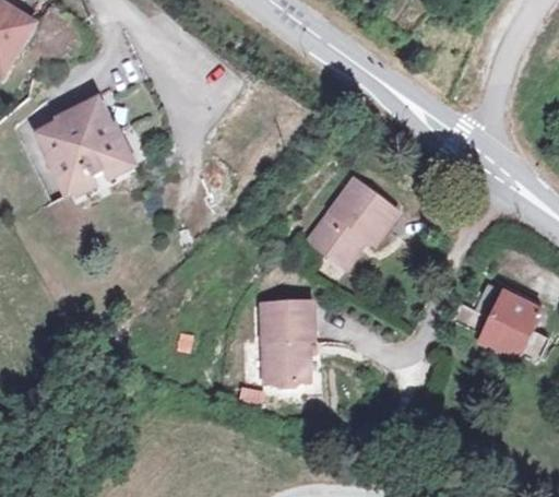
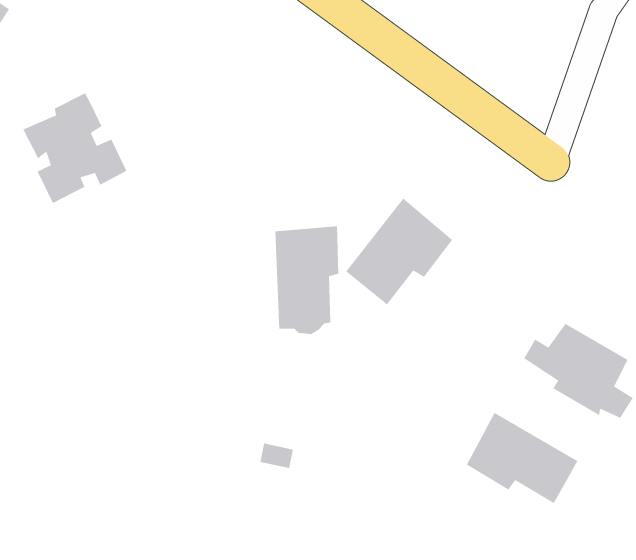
building: [262,299,316,390] -> [275,226,339,335]
building: none -> [466,412,578,504]

